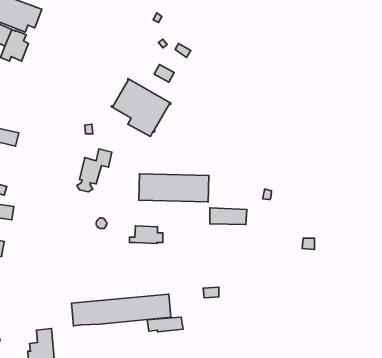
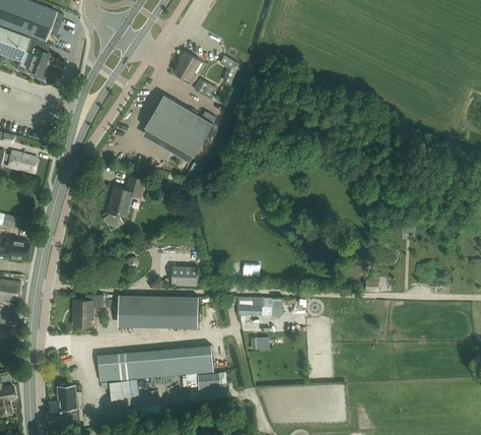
building: none -> [174,51,199,81]
building: [139,174,209,202] -> [117,295,198,327]
building: [210,208,247,225] -> [238,297,281,316]
building: none -> [73,295,102,326]
building: none -> [109,379,131,400]

